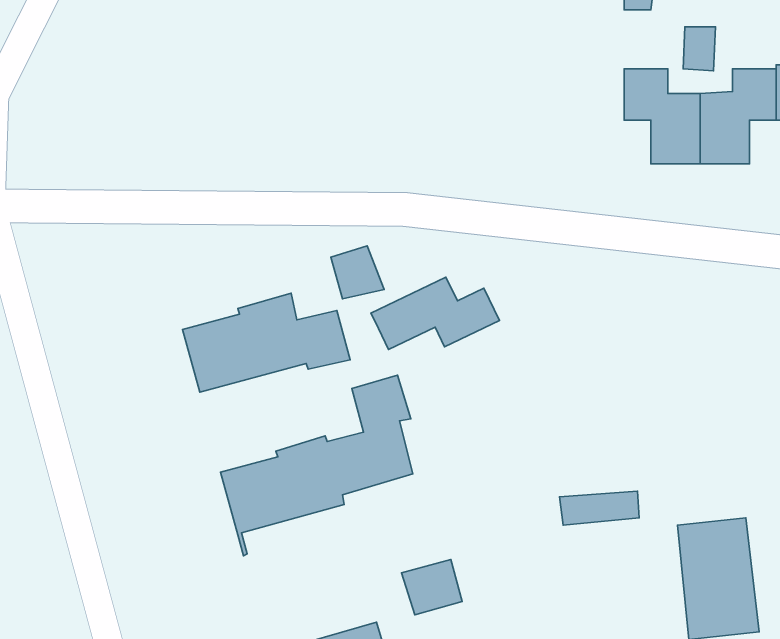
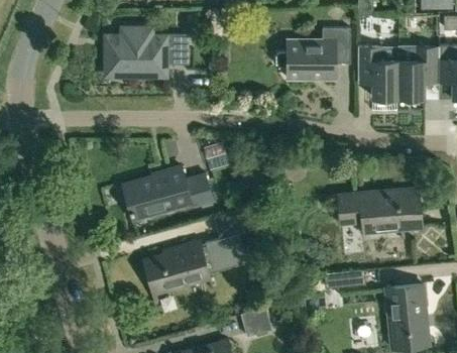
building: none -> [106,28,189,77]
building: none -> [275,29,350,80]
building: [371,277,499,350] -> none
building: none -> [338,189,421,234]

